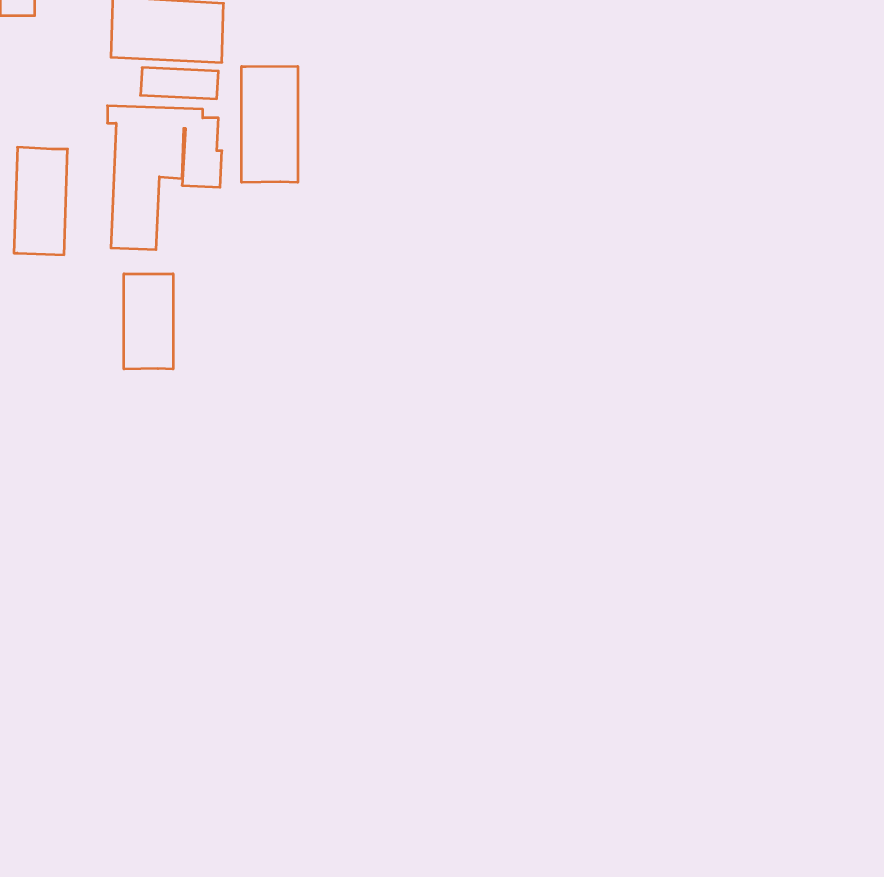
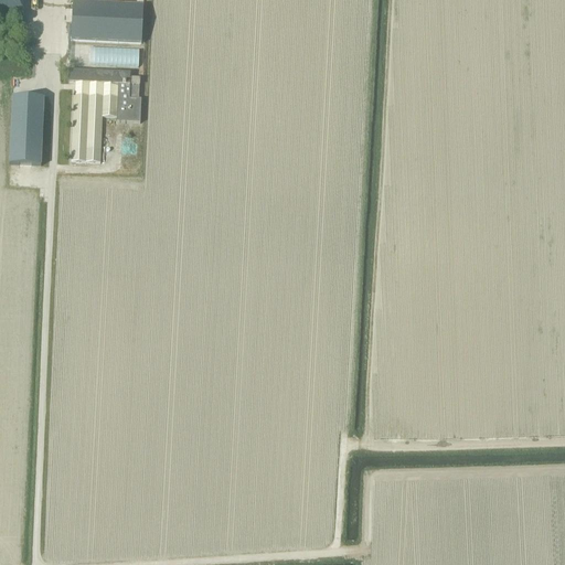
building: [242,66,298,182] -> none
building: [124,274,173,369] -> none

